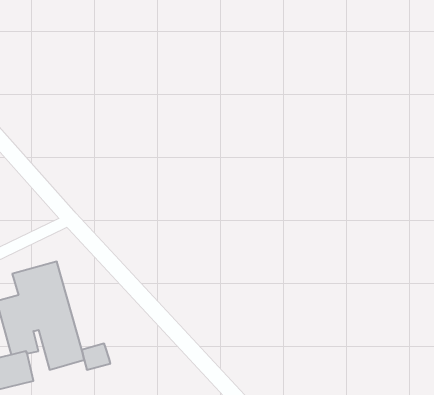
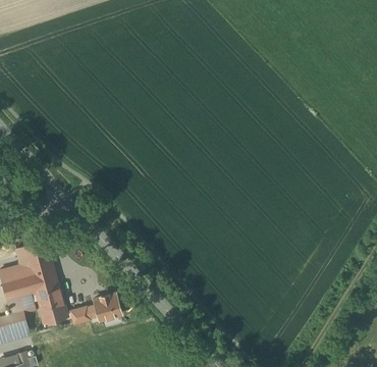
building: none -> [89,296,118,321]

